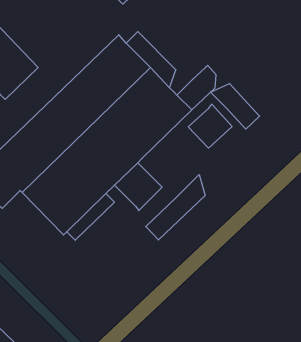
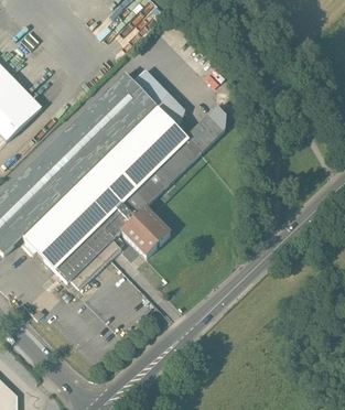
building: [210,83,260,129] -> none
building: [188,104,232,148] -> none
building: [146,175,205,240] -> none

